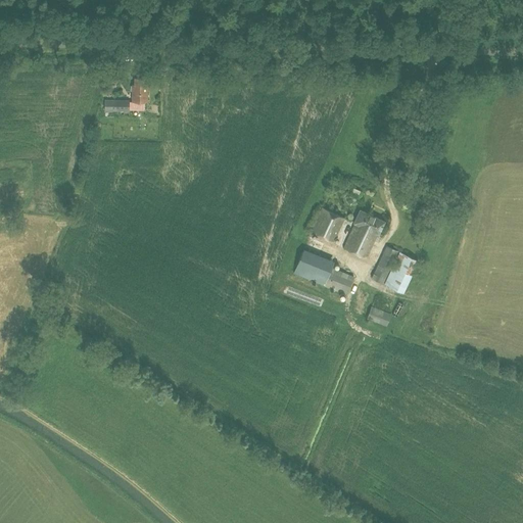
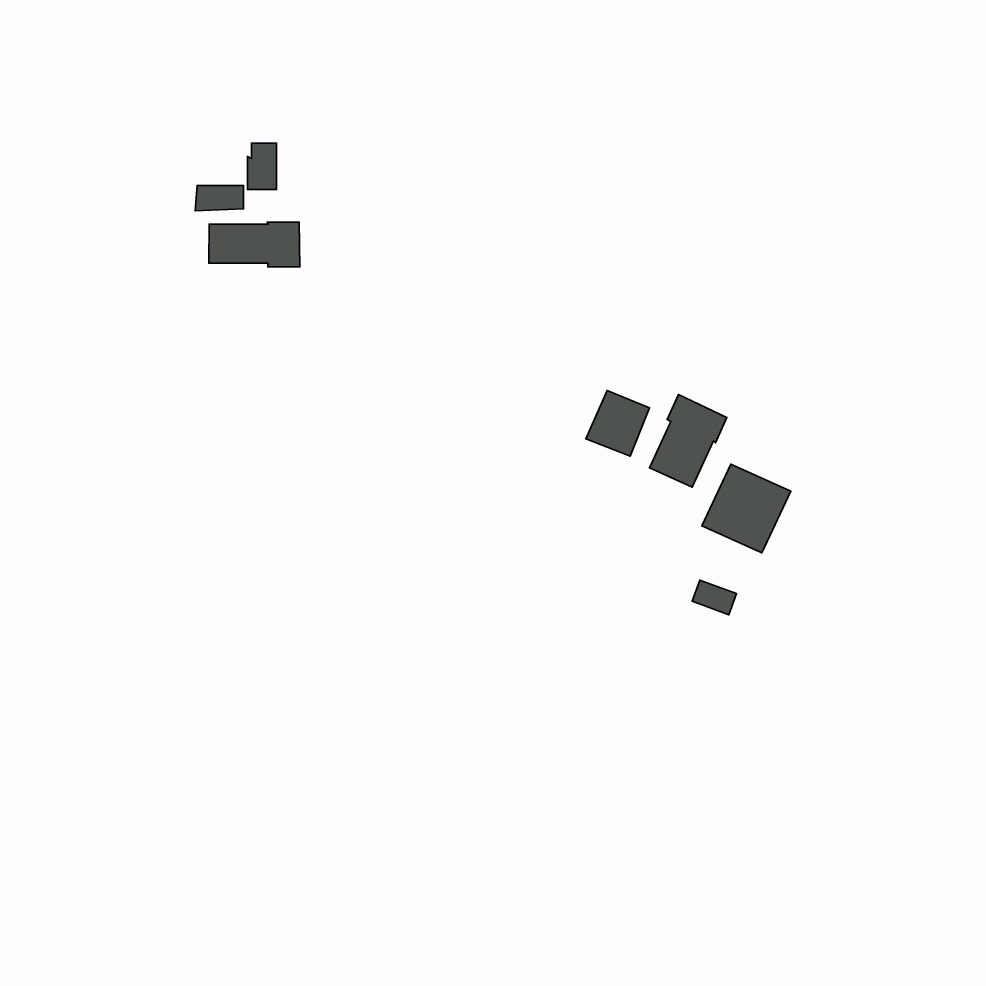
building: none -> [209,222,300,267]
building: [293,251,353,294] -> none

